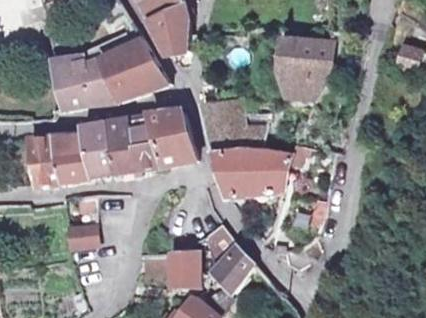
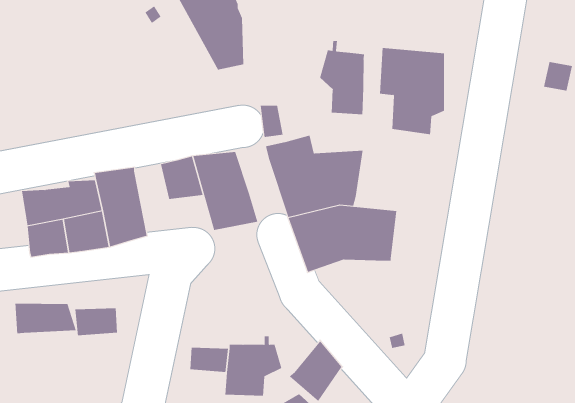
building: [51,32,166,109] -> none
building: none -> [320,40,365,115]
building: [105,121,161,172] -> none
building: none -> [15,303,77,334]
building: [202,227,237,269] -> none

